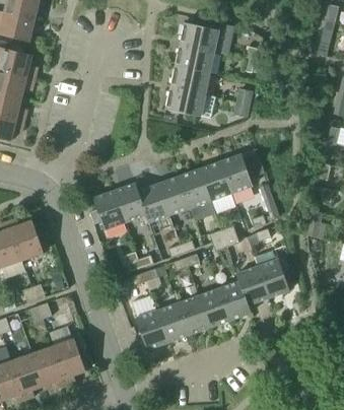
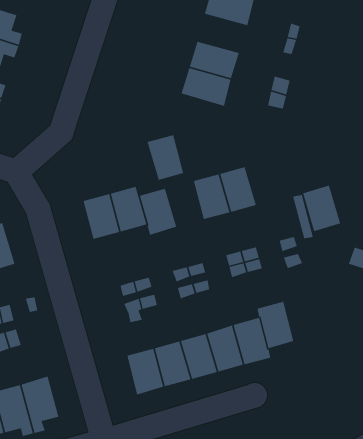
building: [176,45,215,73] -> none
building: [220,154,253,193] -> [302,184,341,232]
building: [158,177,190,214] -> [146,134,184,181]
building: [258,260,289,298] -> none

